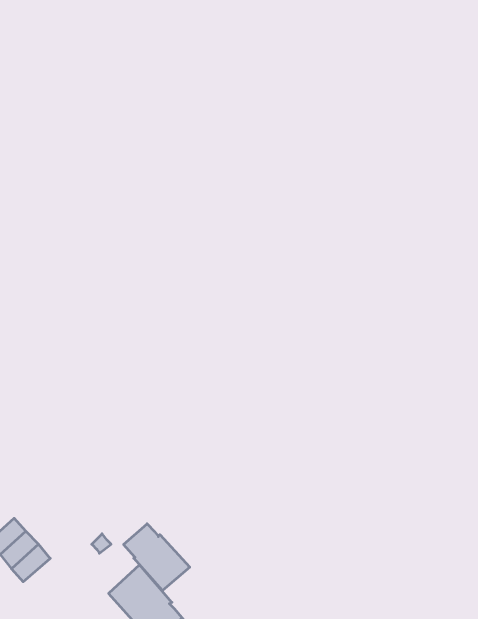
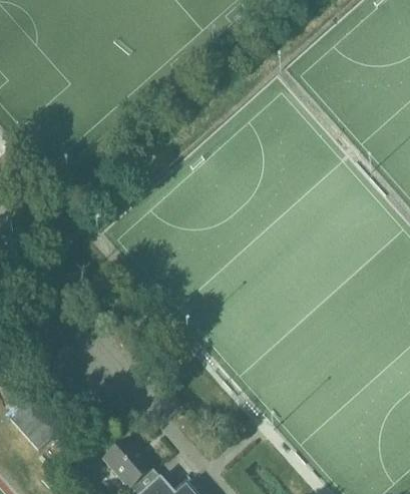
building: [124,524,190,591] -> none

